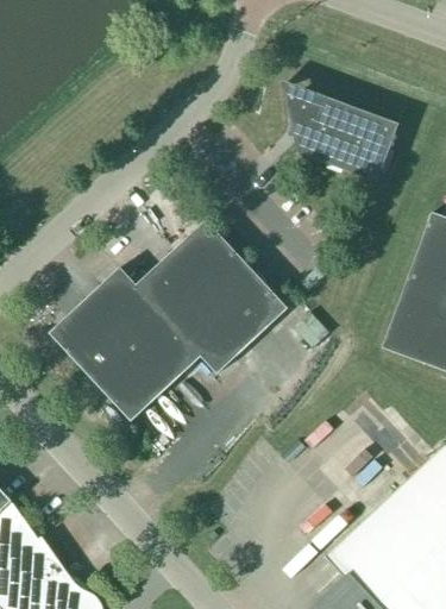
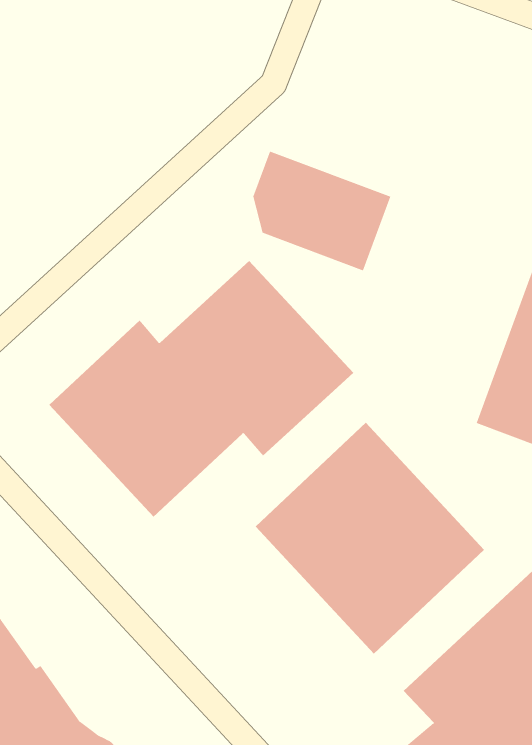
building: [289,88,397,182] -> [253,151,391,271]
building: none -> [255,422,485,655]

